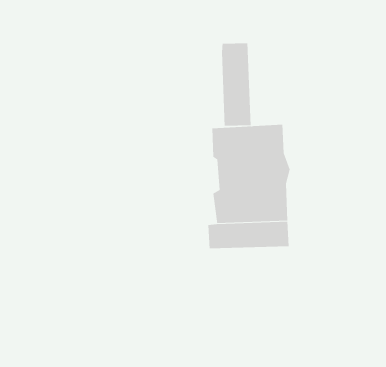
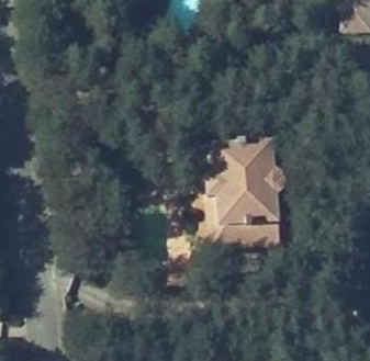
building: [221,43,251,127] -> none

